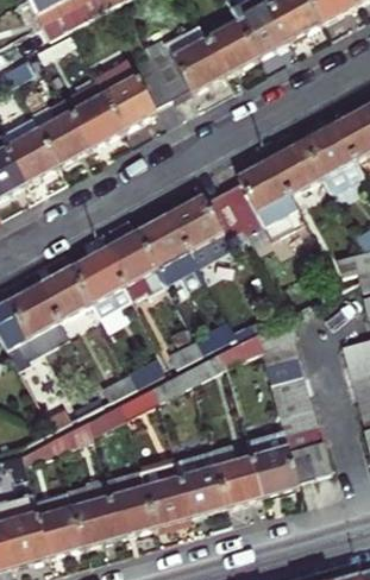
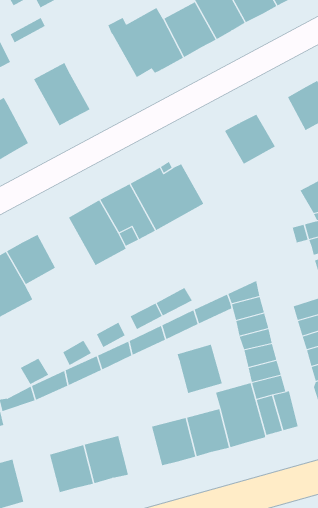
building: [94,57,171,137] -> none
building: [36,105,89,172] -> none
building: [299,124,358,190] -> none
building: [219,159,301,242] -> none
building: [67,251,127,320] -> none
building: none -> [177,344,222,394]
building: [152,472,197,523] -> none
building: [42,502,89,551] -> none

